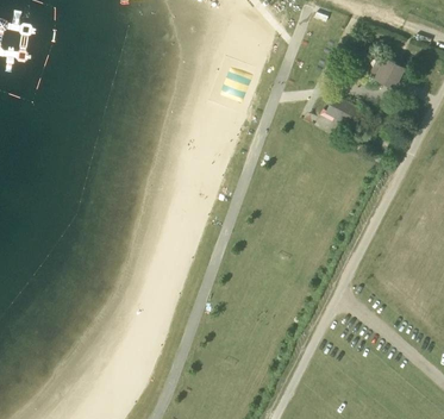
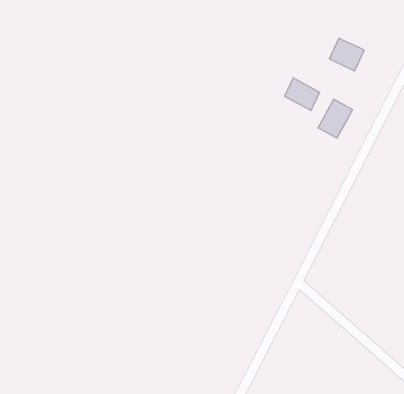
building: none -> [318,99,352,138]

